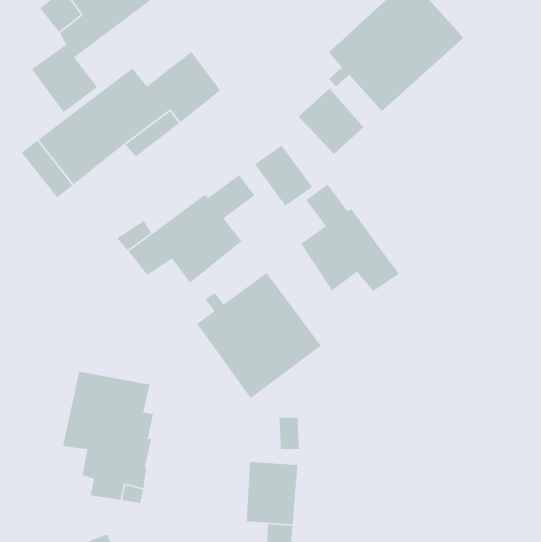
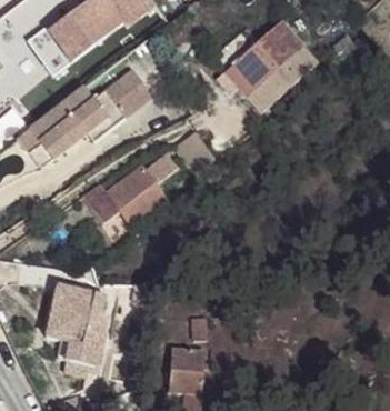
building: [298,88,365,155] -> none
building: [300,184,400,292] -> none
building: [196,272,322,399] -> none

